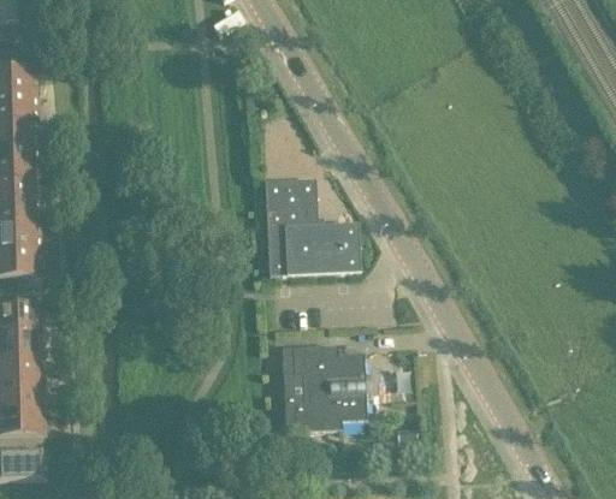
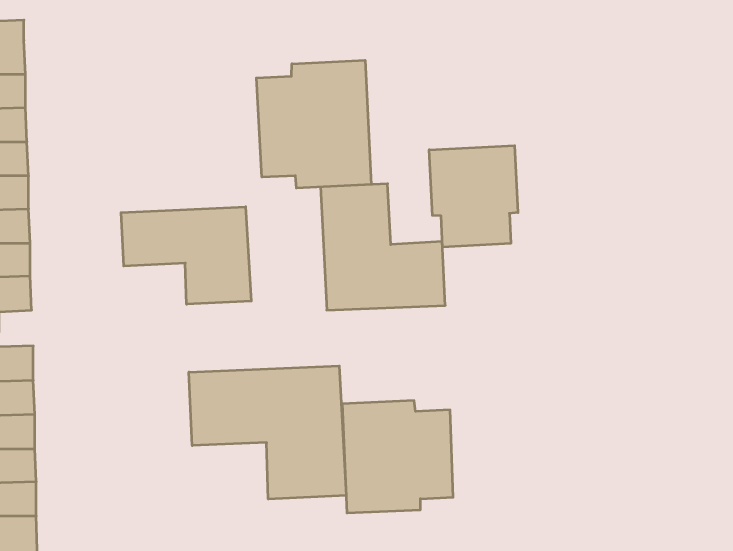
building: none -> [256,60,371,188]
building: none -> [429,146,518,247]
building: none -> [121,207,251,304]
building: none -> [189,366,346,499]

